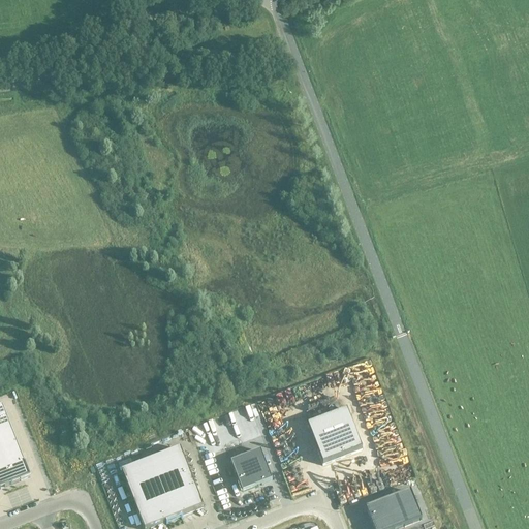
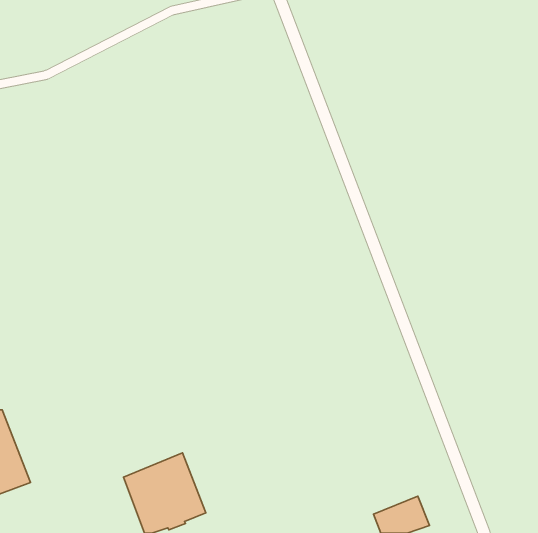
building: [306,406,361,461] -> none
building: [229,446,272,487] -> none

